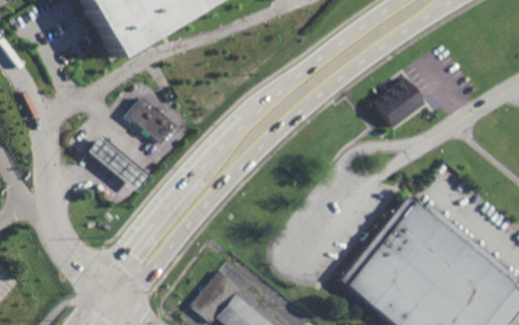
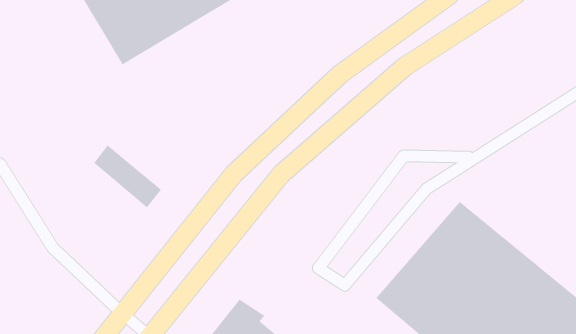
building: [374,75,426,125] -> none
building: [122,92,176,143] -> none

